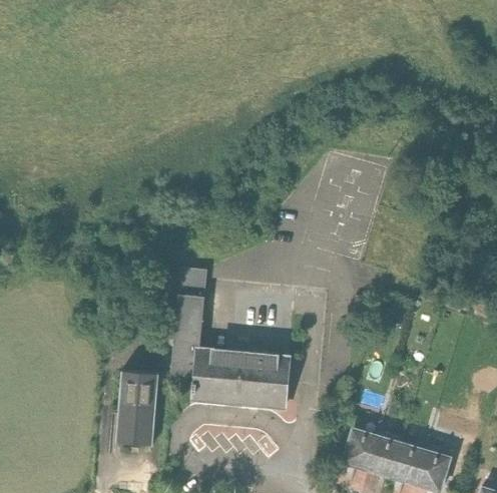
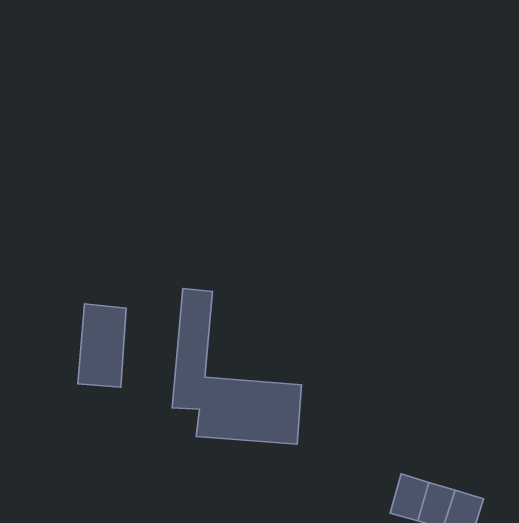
building: [114,379,158,455] -> [78,304,126,387]
building: [345,438,380,481] -> none

